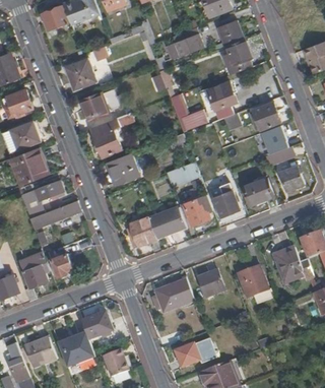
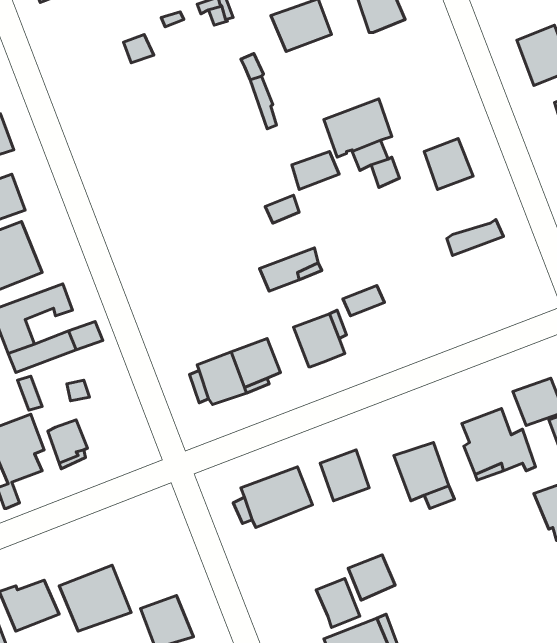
building: [221,39,253,74] -> none
building: [67,59,95,90] -> none
building: [80,92,109,122] -> none
building: [91,112,135,157] -> none
building: [261,126,288,154] -> none
building: [106,153,138,184] -> none
building: [279,167,305,192] -> none
building: [243,178,272,205] -> none
building: [213,191,239,216] -> none
building: [81,312,113,337] -> none
building: [176,343,201,368] -> [348,555,395,600]

